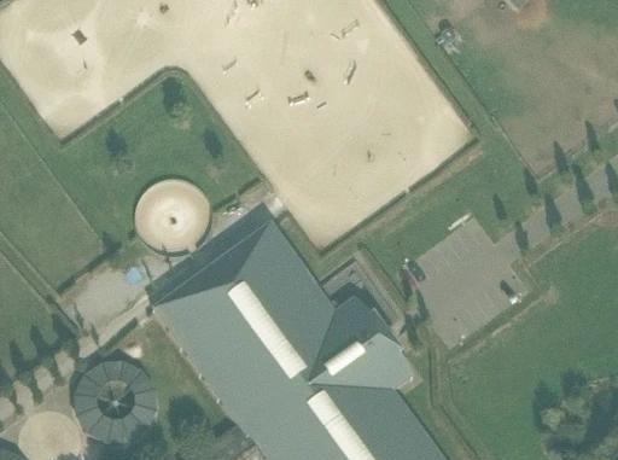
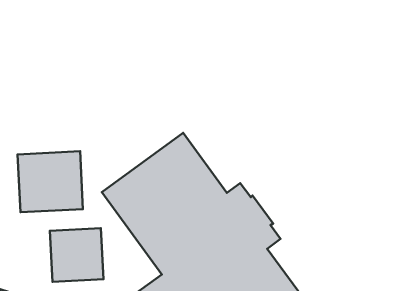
building: none -> [18,151,83,212]

